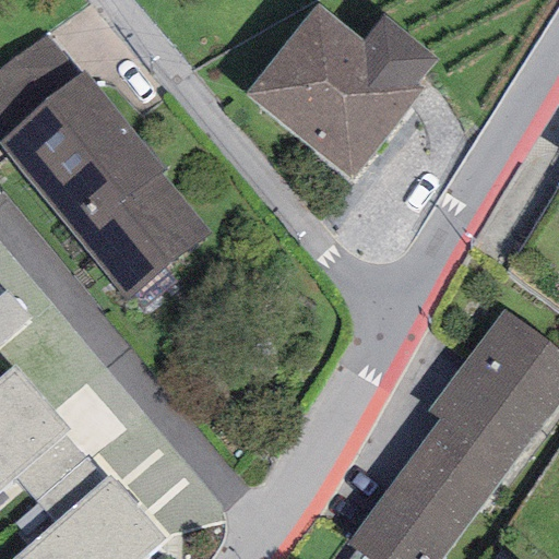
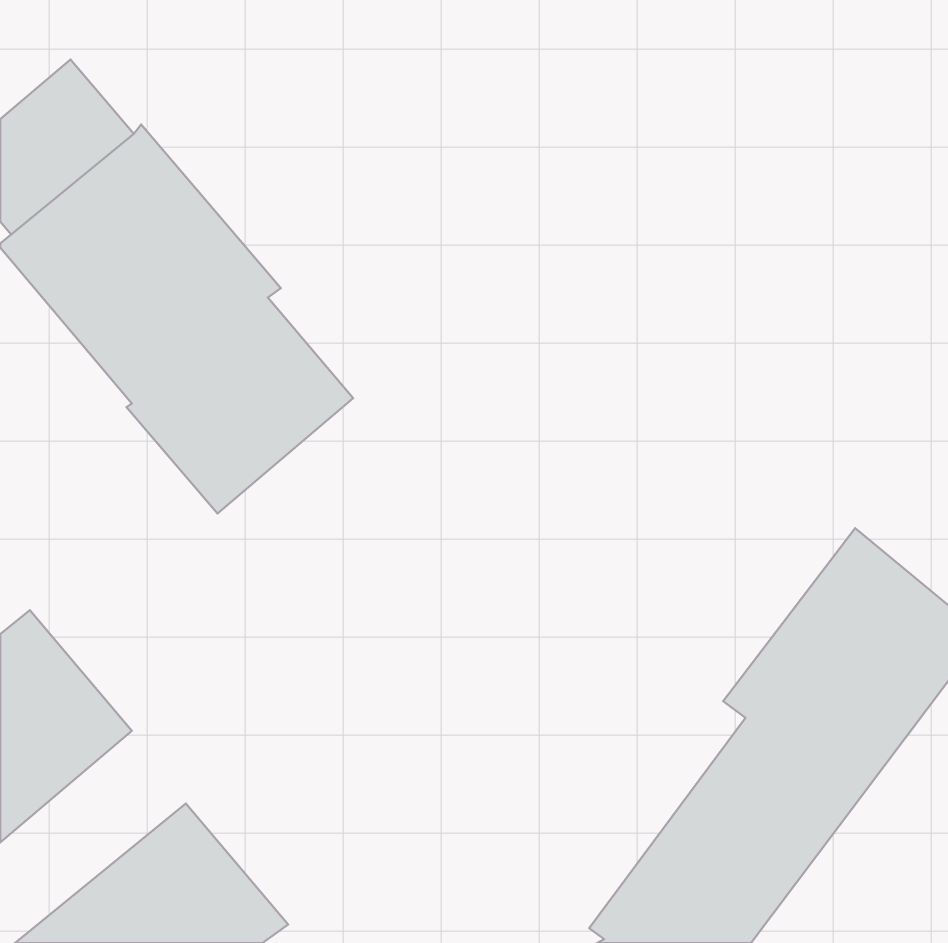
building: [247,8,435,181] -> none

